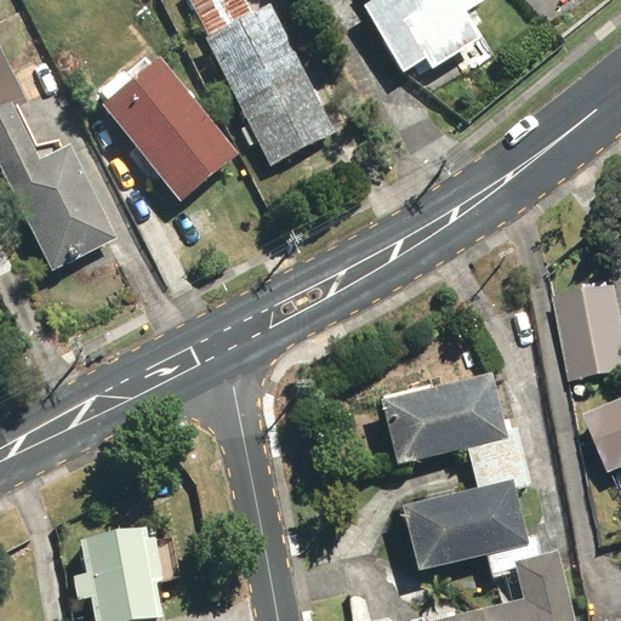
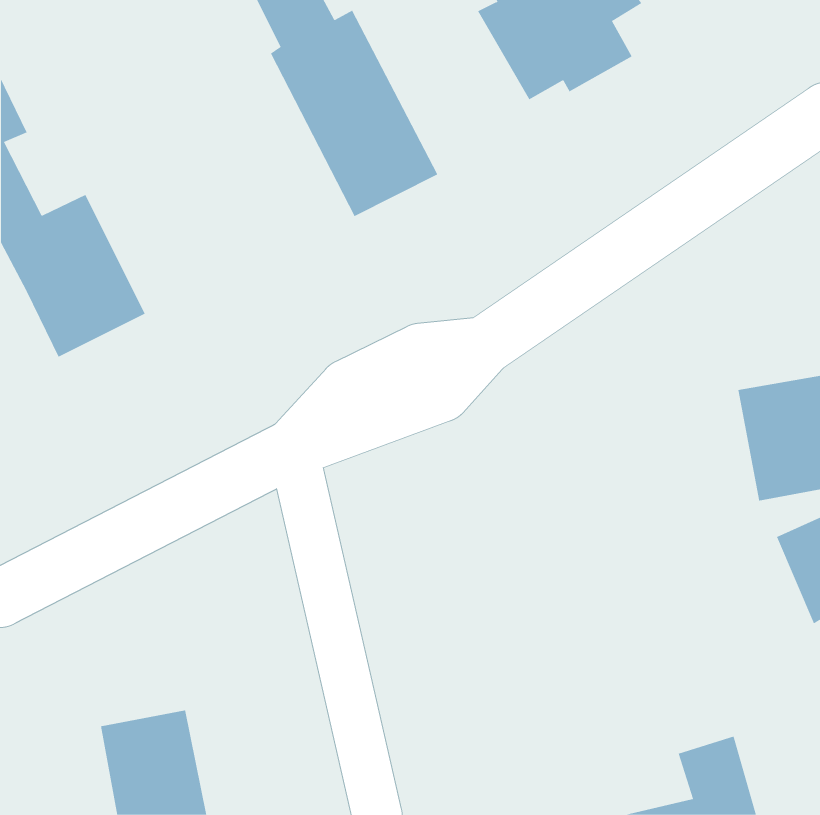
building: [103,62,237,200] -> none
building: [380,370,530,569] -> none

